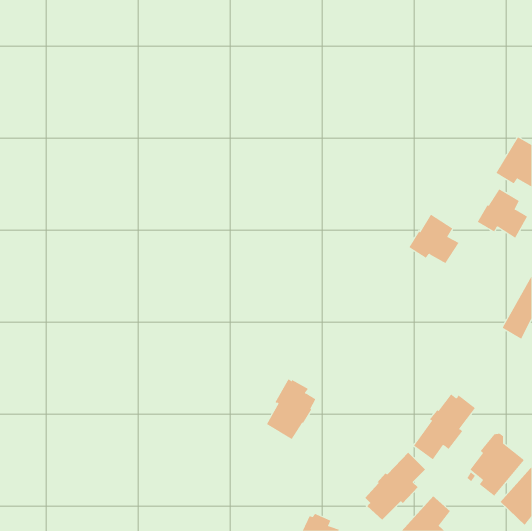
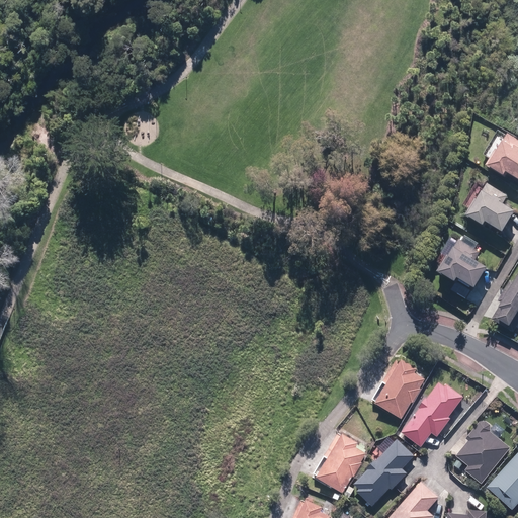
building: [408,214,460,264] -> [435,239,485,287]
building: none -> [374,359,423,418]
building: [266,378,316,440] -> [317,432,365,492]

